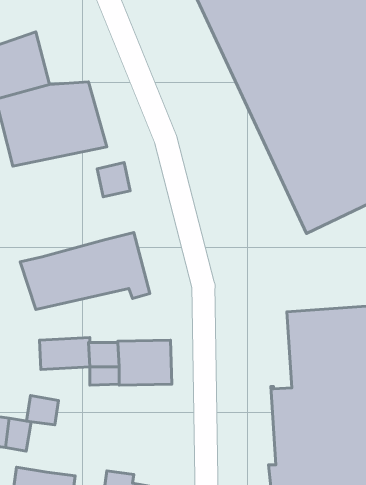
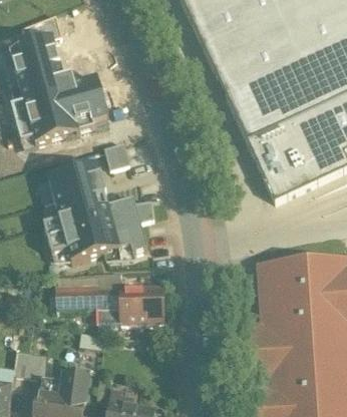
building: none -> [47,159,109,217]
building: [27,396,58,425] -> [62,372,88,396]

